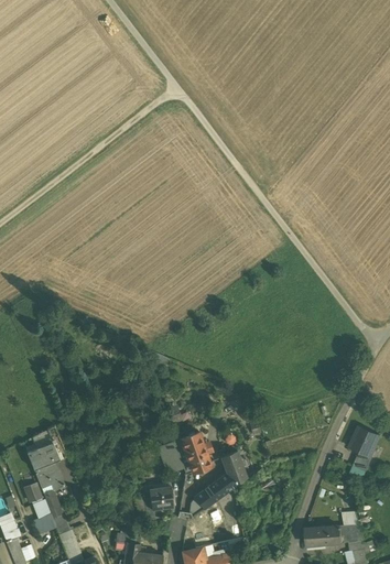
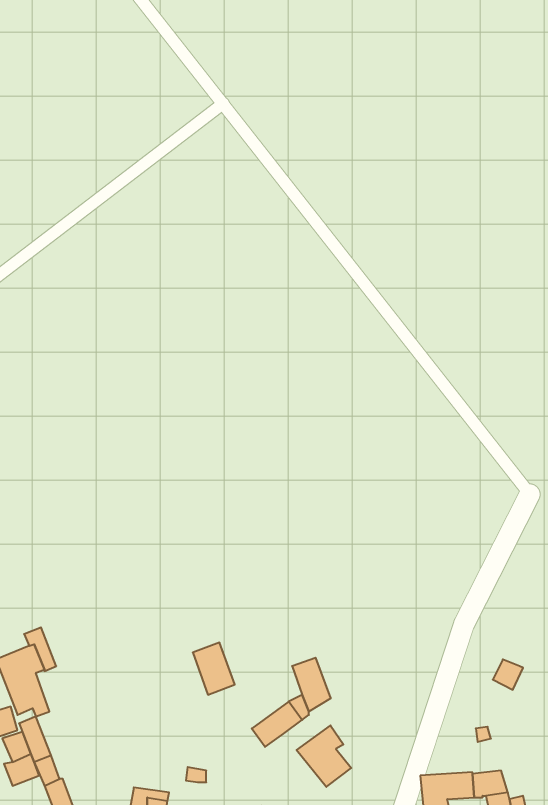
building: [349,426,379,456] -> none
building: [181,432,210,471] -> none
building: [149,486,174,509] -> none
building: none -> [297,725,351,787]

